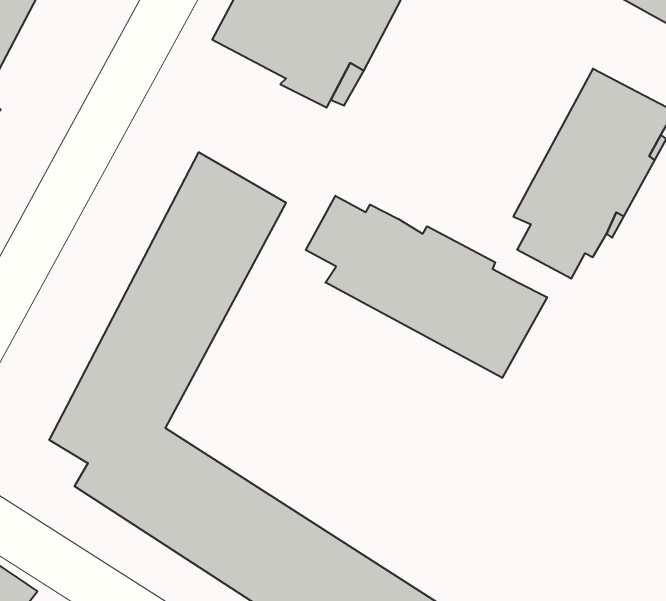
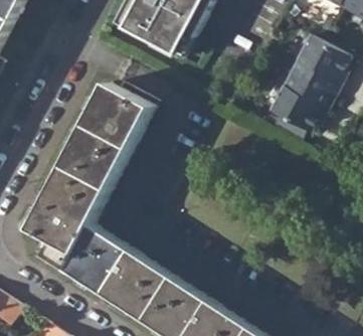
building: [306,196,547,378] -> none

